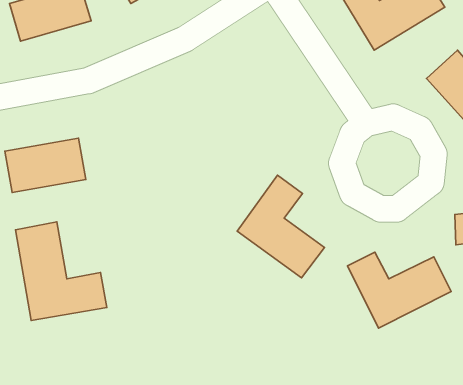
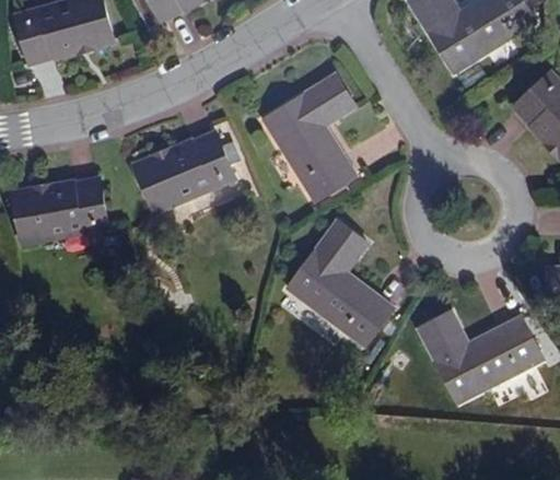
building: none -> [264,75,353,201]
building: none -> [133,130,237,211]
building: [15,222,107,320] -> none

